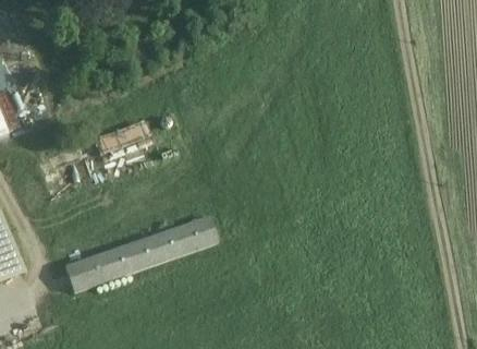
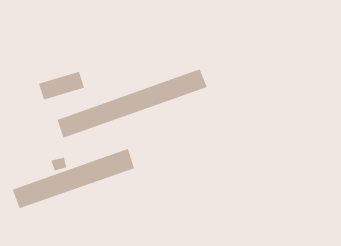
building: none -> [57,69,208,138]

